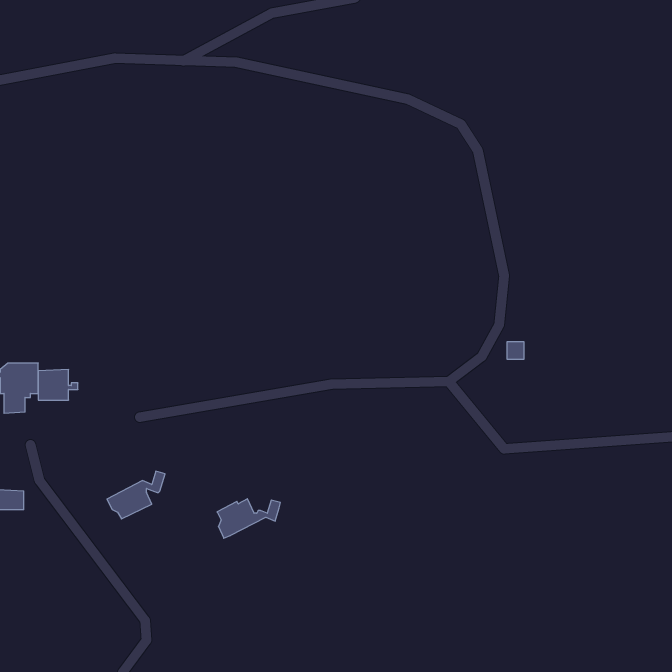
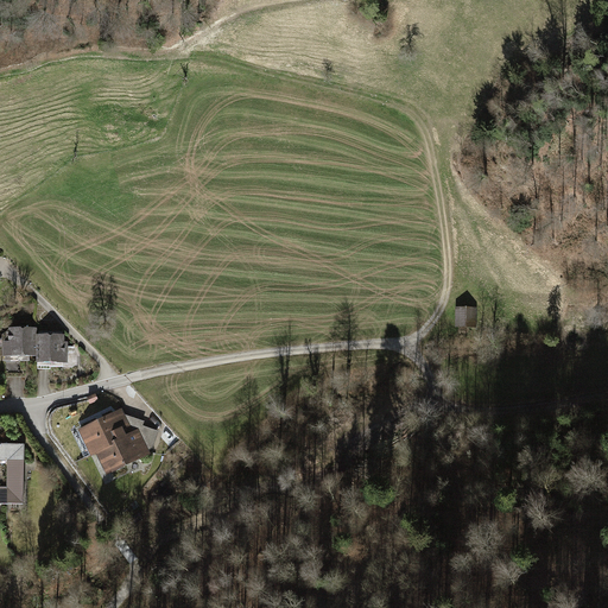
building: [217,499,280,538] -> [84,416,141,451]
building: none -> [5,458,21,502]

